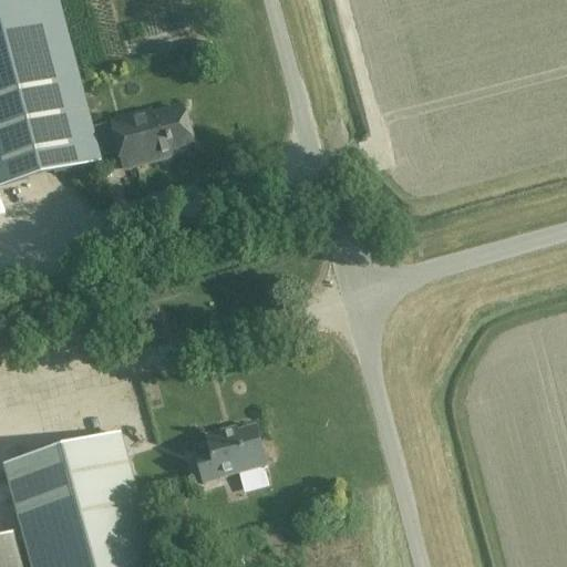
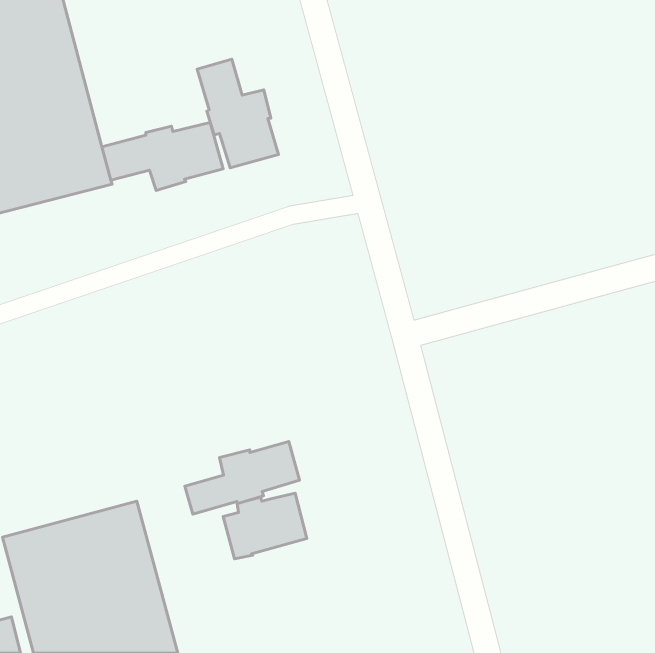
building: none -> [197,59,278,168]
building: none -> [185,441,299,514]

